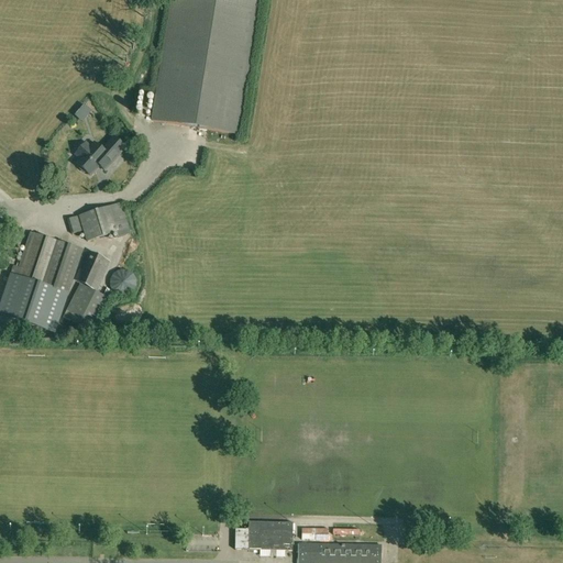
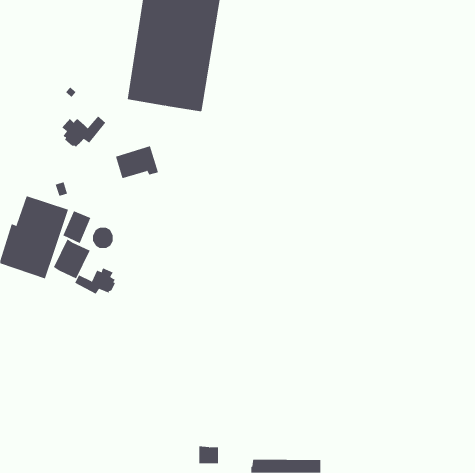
building: [78,200,130,240] -> [115,145,159,179]
building: none -> [75,267,116,295]
building: [247,520,291,553] -> none

